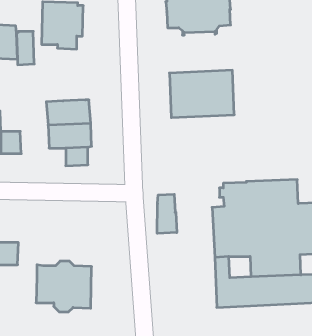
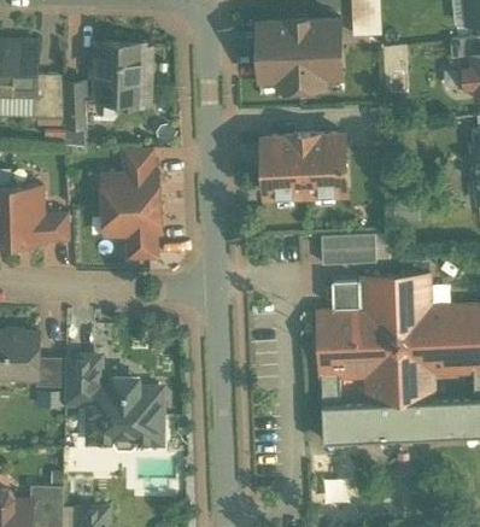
building: none -> [123,148,152,174]
building: none -> [320,234,376,265]
building: [157,194,177,233] -> none
building: none -> [64,358,98,403]

